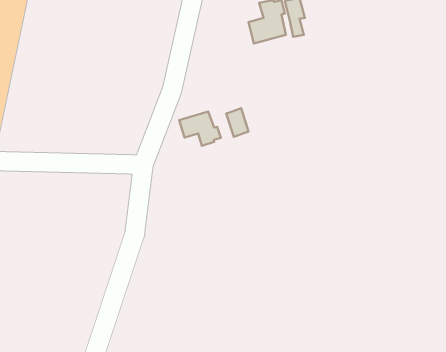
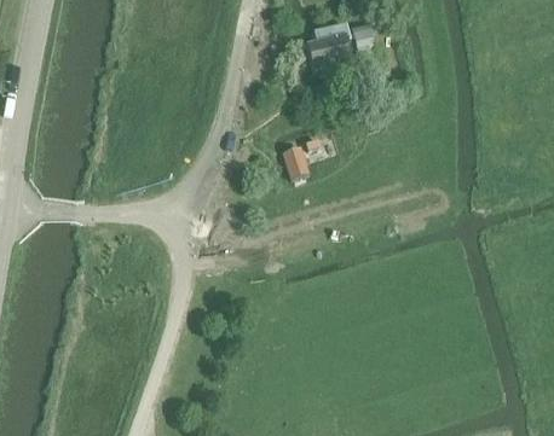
building: [179,112,221,146] -> none

